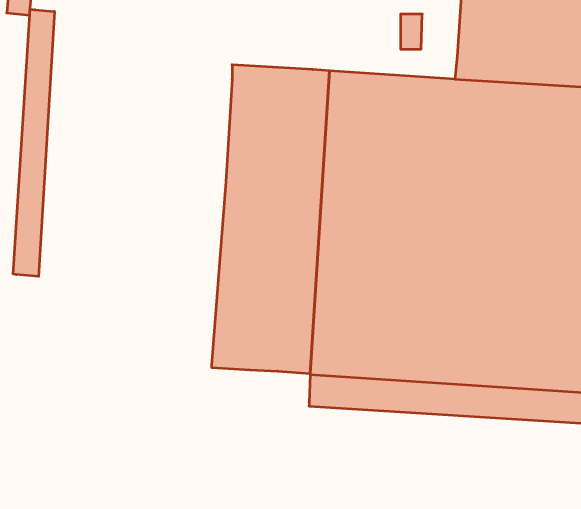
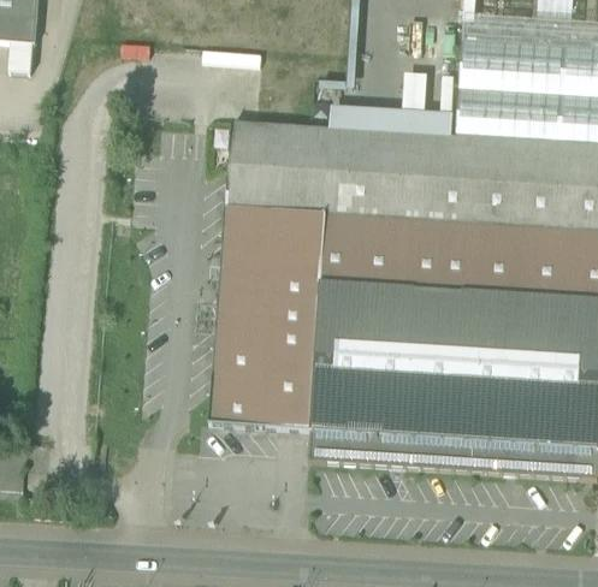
building: [13,9,54,276] -> none
building: none -> [331,101,458,132]

